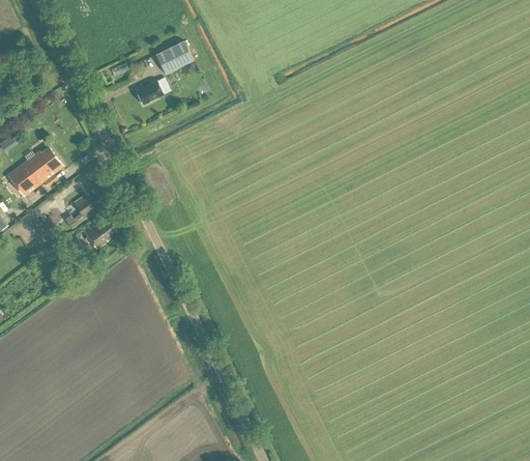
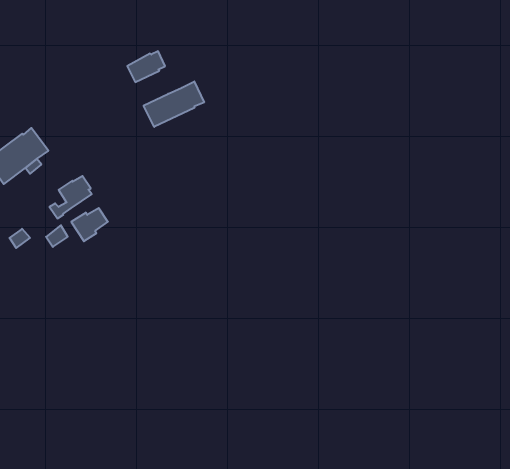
building: [154,40,192,73] -> none
building: none -> [144,81,204,127]

